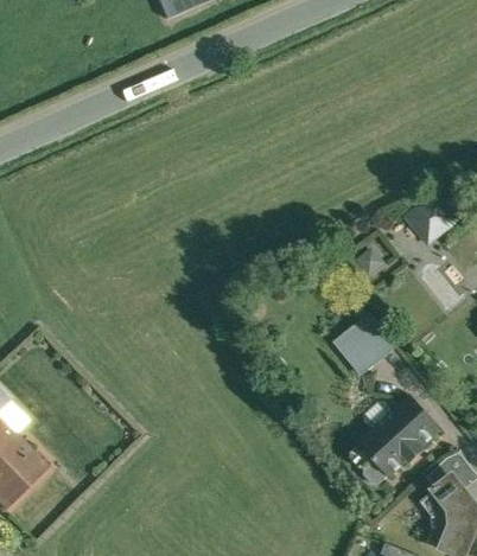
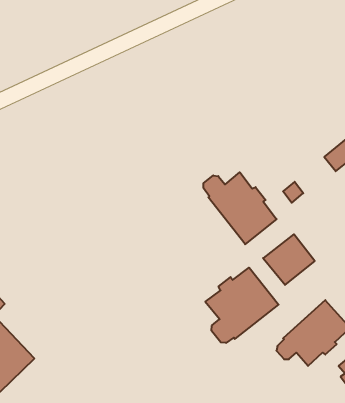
building: none -> [204,172,277,244]
building: none -> [205,268,279,343]

